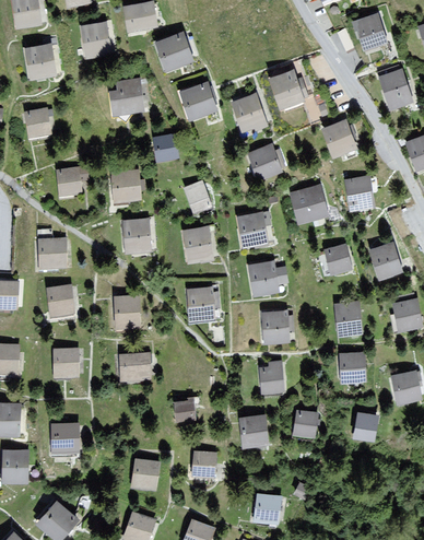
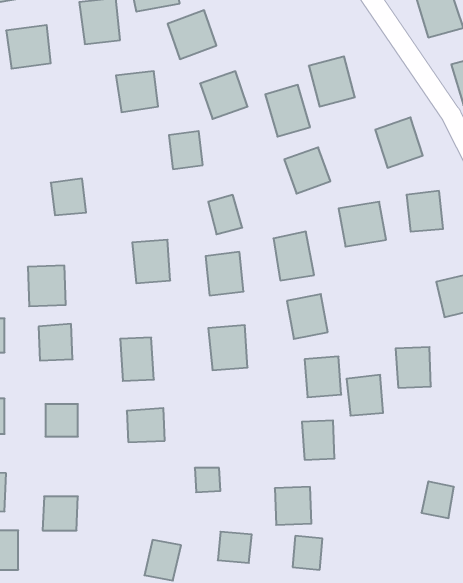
building: [25,106,55,140] -> none
building: [113,169,142,200] -> none
building: [323,243,354,275] -> none
building: [339,351,368,384] -> [346,375,383,416]
building: [295,410,319,437] -> [293,536,322,570]

